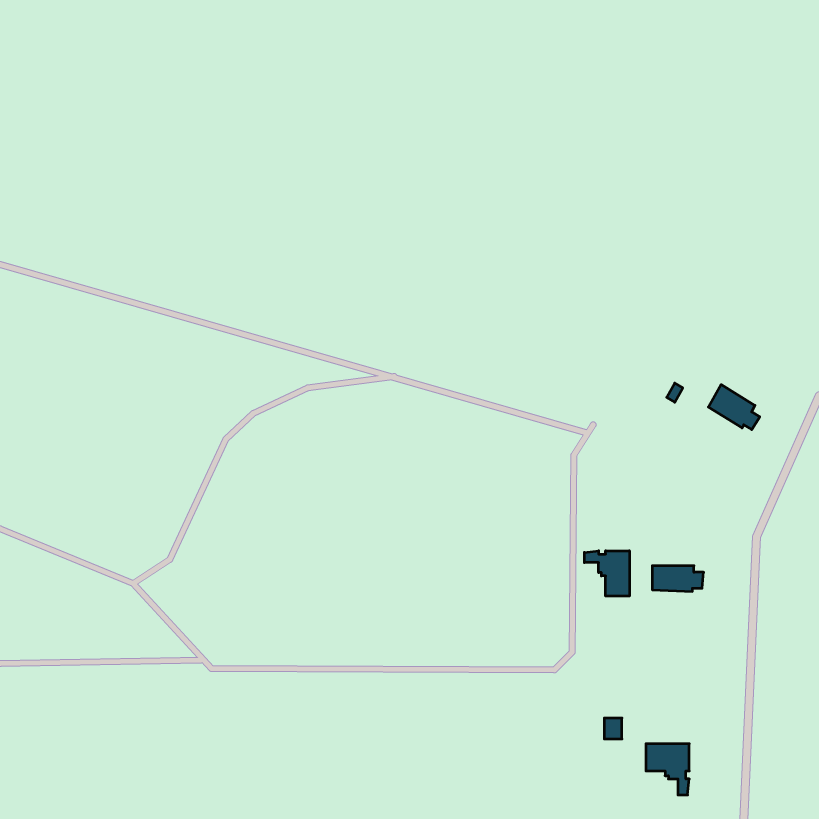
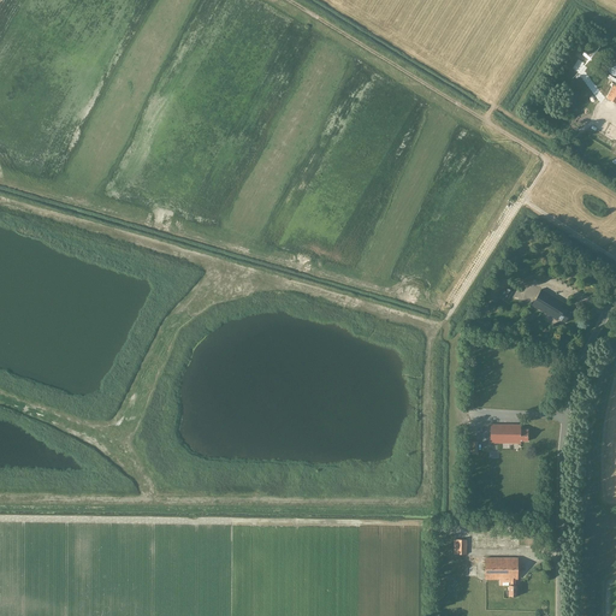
building: [584,551,629,596] -> none

